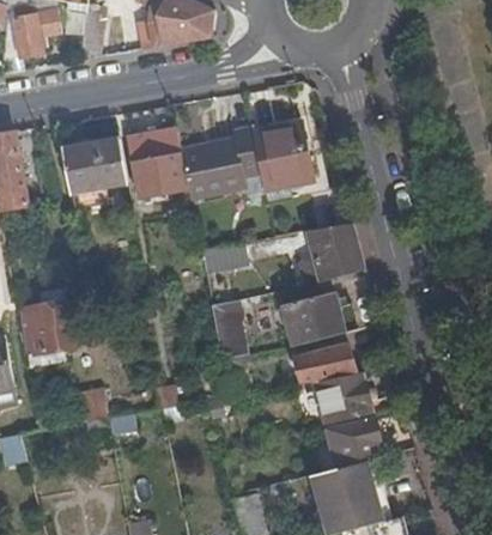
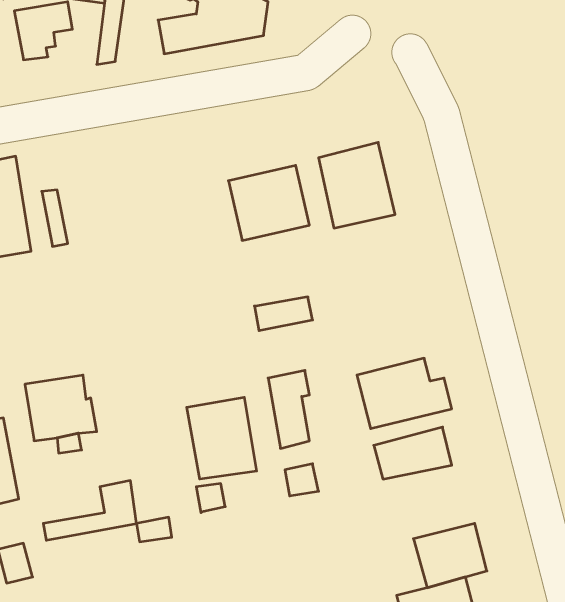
building: [124,127,188,197] -> none
building: [65,140,119,193] -> none
building: [309,223,364,280] -> none
building: none -> [187,397,257,479]
building: [316,373,372,422] -> none

